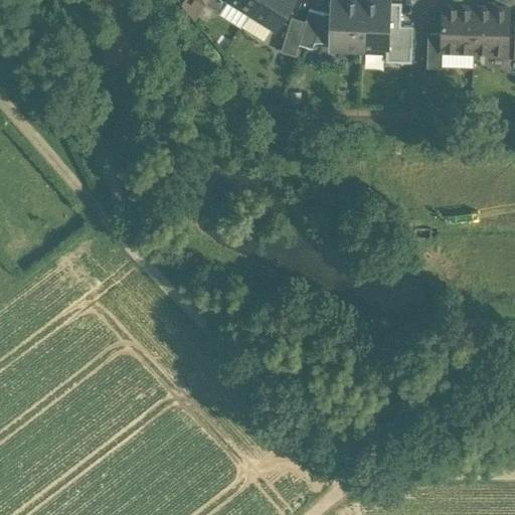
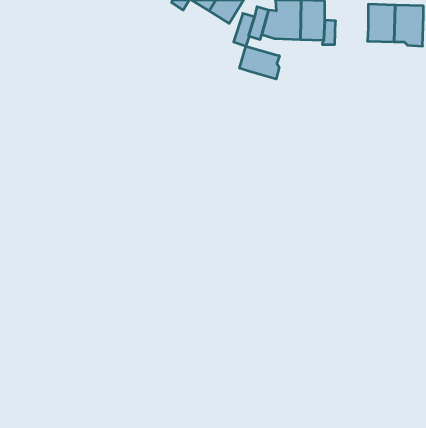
building: [428,32,445,67] -> none
building: none -> [240,46,279,79]

